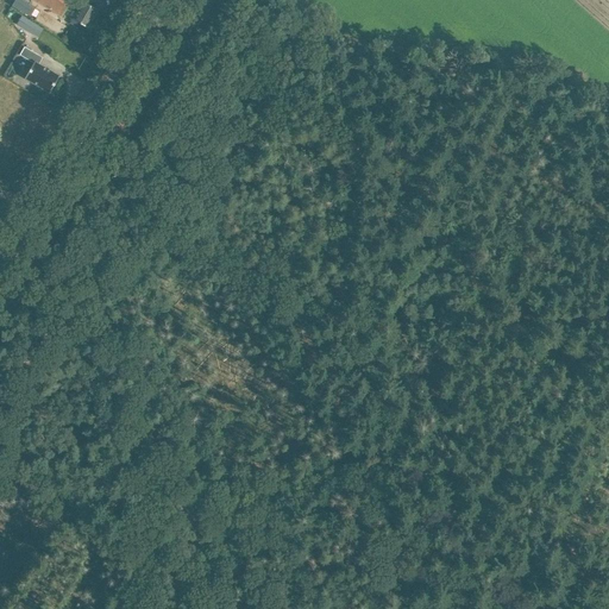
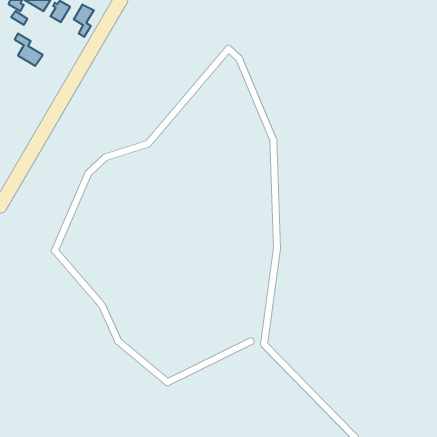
building: none -> [74,4,94,37]

